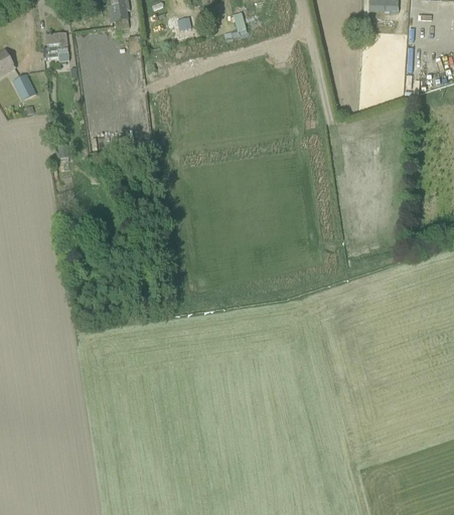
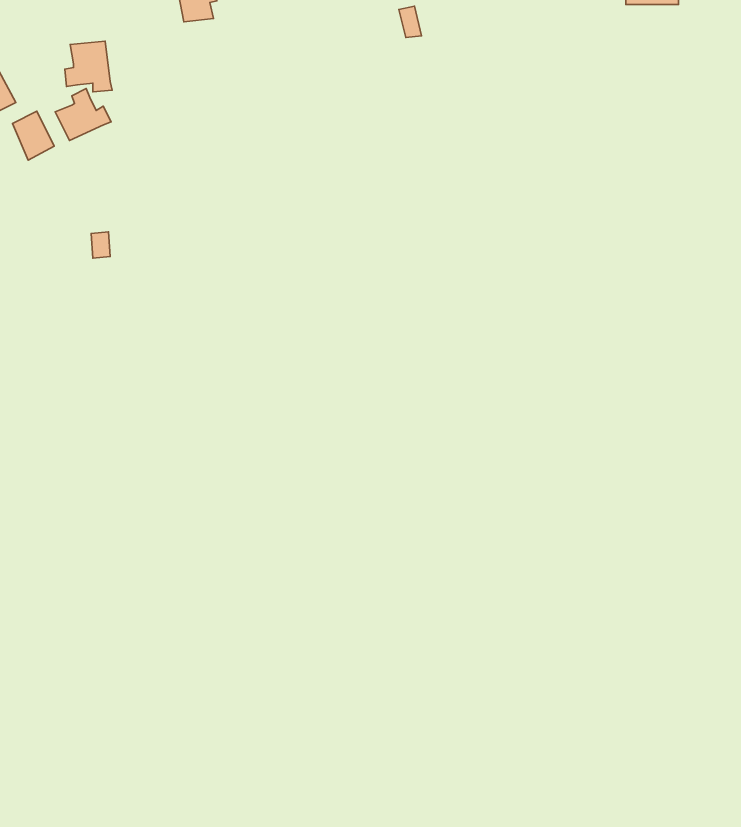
building: none -> [55,89,111,141]

